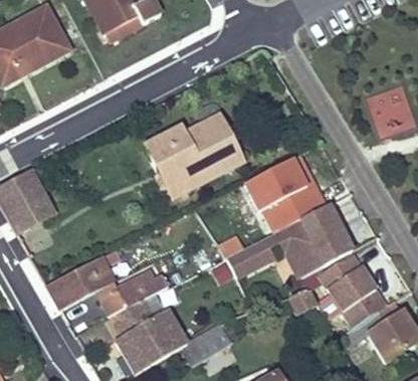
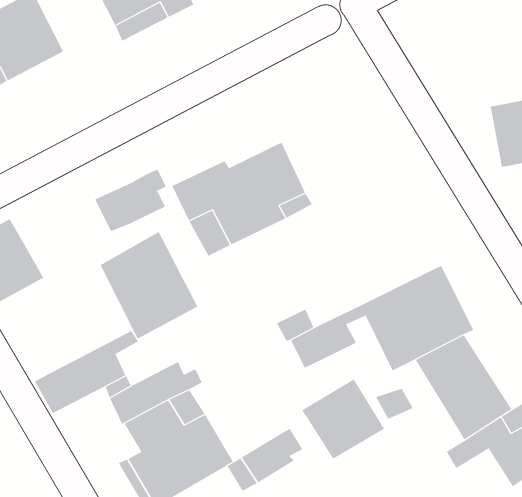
building: none -> [94,169,166,232]
building: [248,154,330,231] -> none
building: none -> [100,231,198,339]
building: none -> [301,378,385,459]

